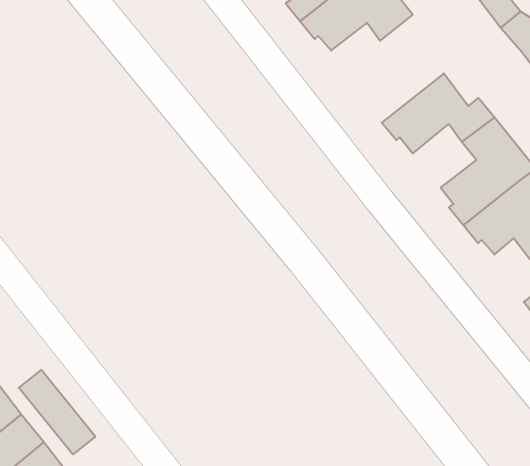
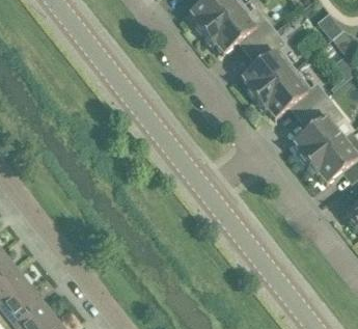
building: none -> [241,31,295,100]
building: [19,370,95,454] -> none

